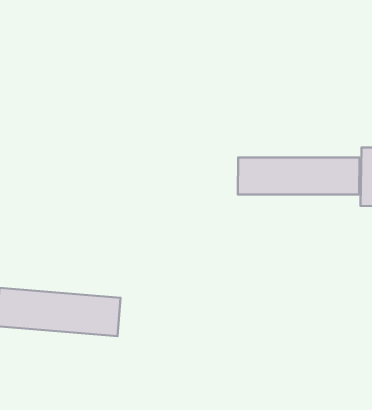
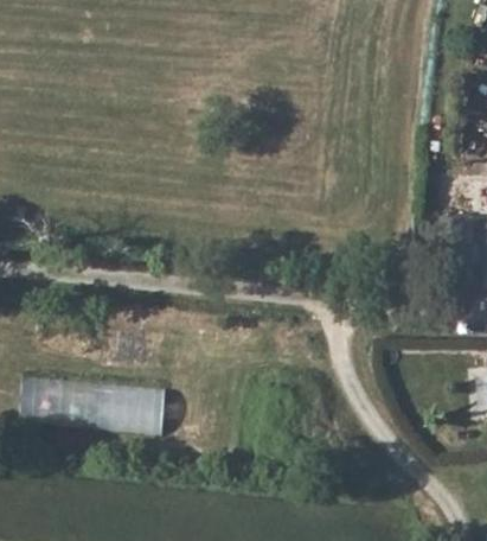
building: [238,157,359,194] -> none

